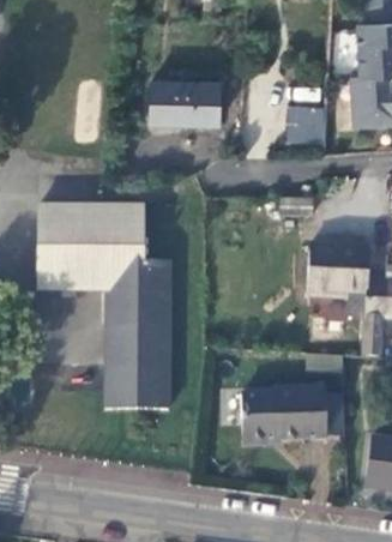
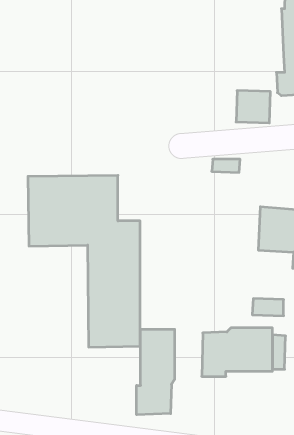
building: [151,80,221,122] -> none
building: none -> [137,329,175,415]

